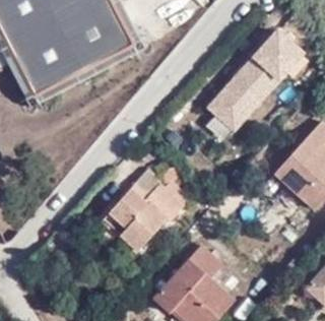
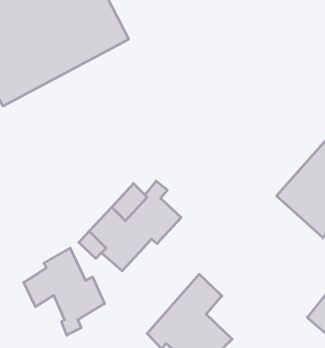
building: [205,33,308,140] -> none
building: none -> [24,248,105,335]

